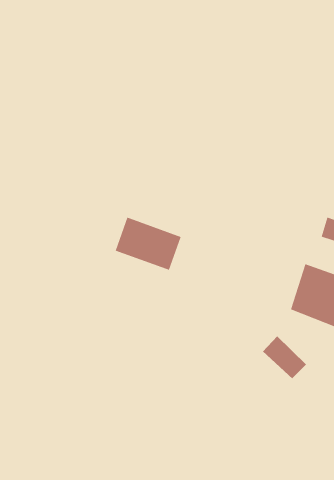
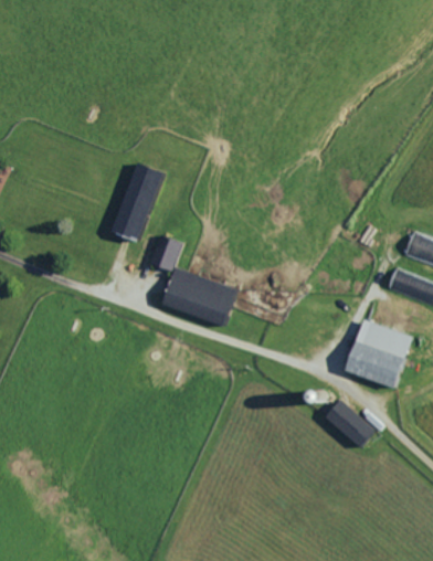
building: none -> [110,162,163,242]
building: none -> [155,237,182,271]

